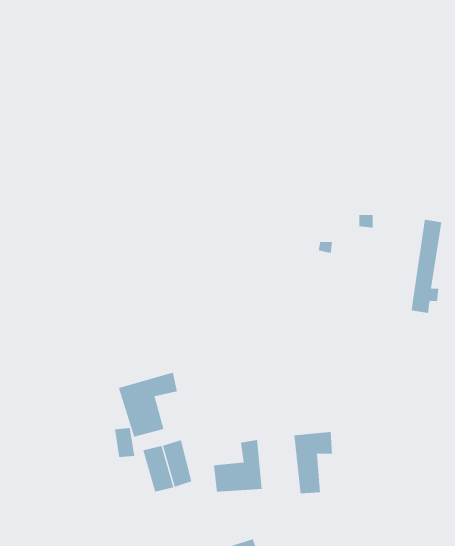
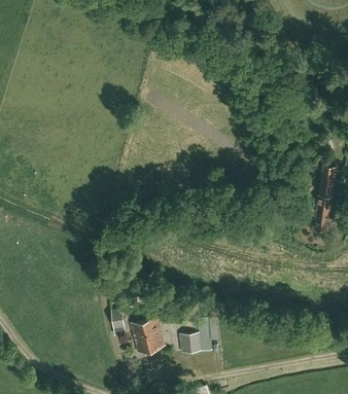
building: [118,372,177,438] -> none
building: [294,431,332,494] -> none

